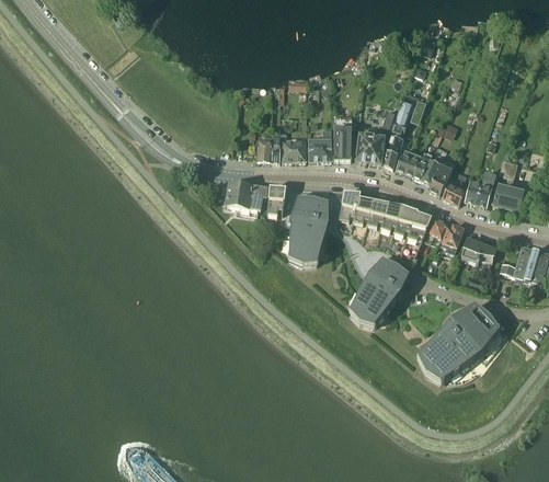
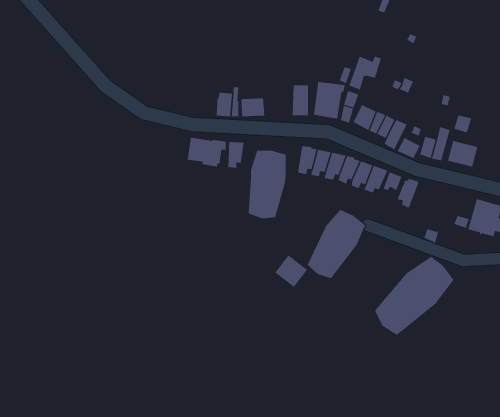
building: [307,129,331,159] -> none
building: [460,236,493,266] -> none
building: none -> [274,254,308,288]

